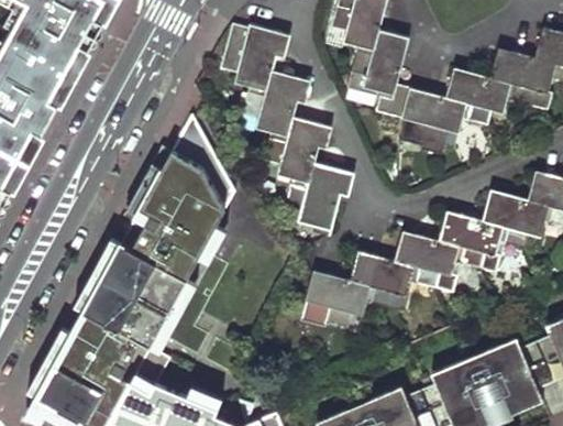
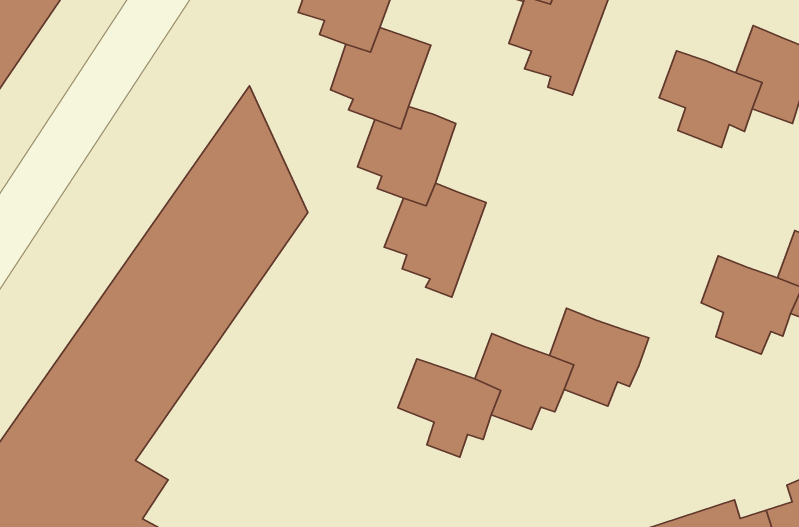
building: [401,90,462,148] -> none
building: [438,212,497,271] -> none

